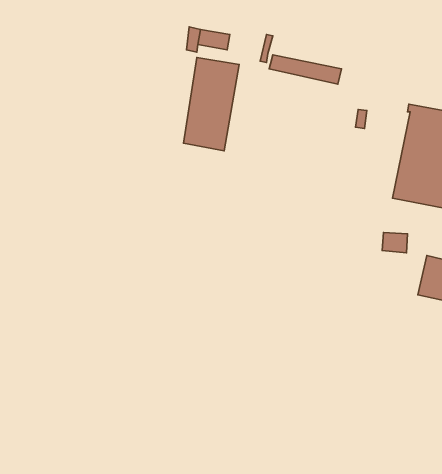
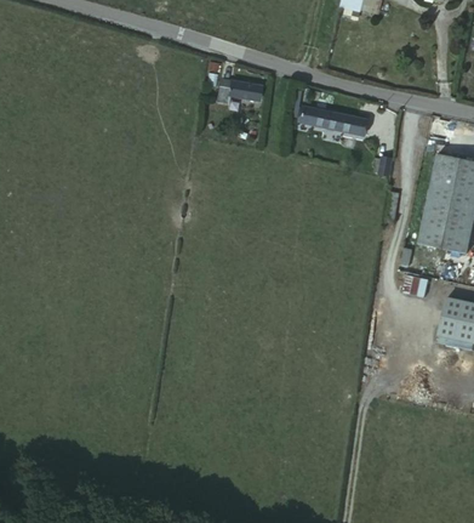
building: [184,57,239,151] -> none

